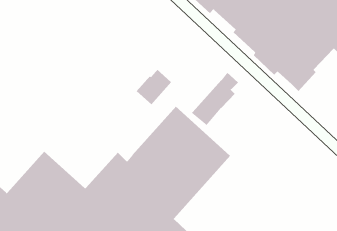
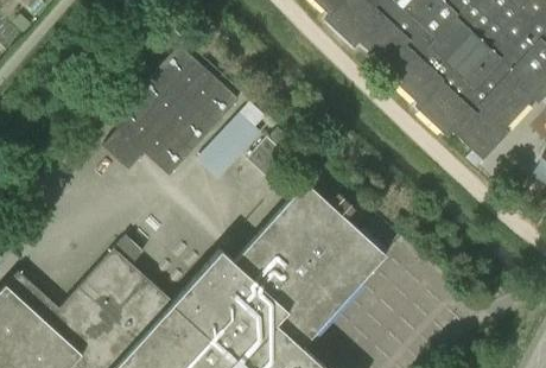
building: none -> [103,46,239,176]
building: [191,72,239,126] -> [197,102,266,180]

